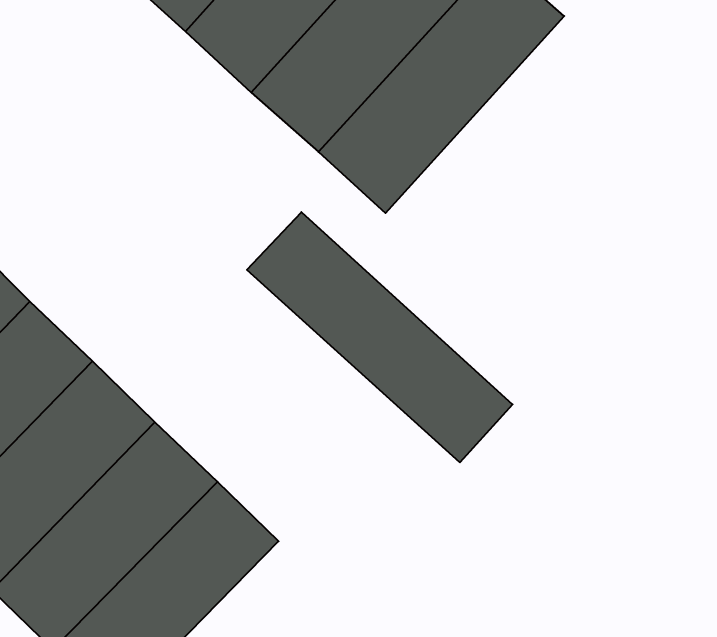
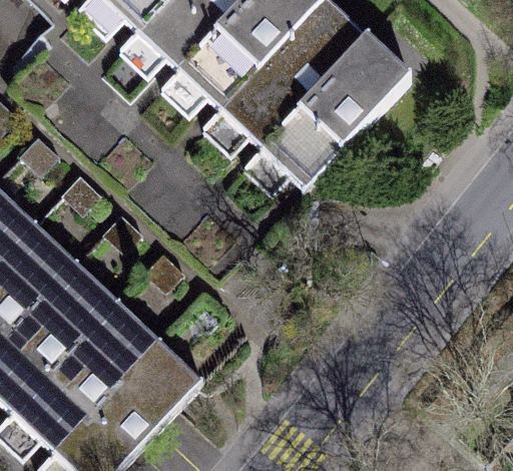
building: none -> [267,33,428,202]
building: [247,212,513,462] -> none

